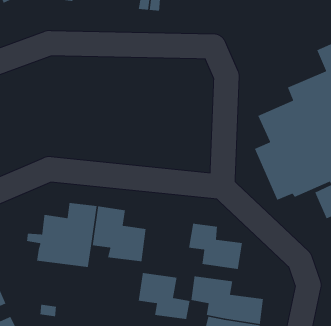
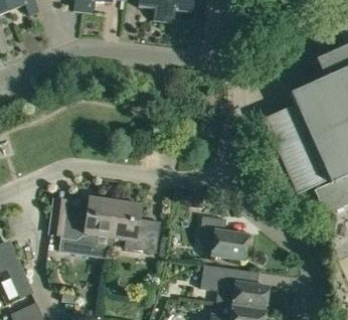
building: [138,272,190,320] -> none

